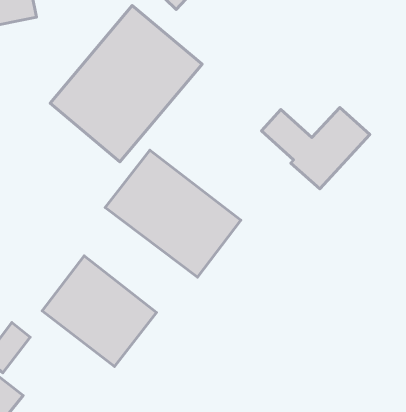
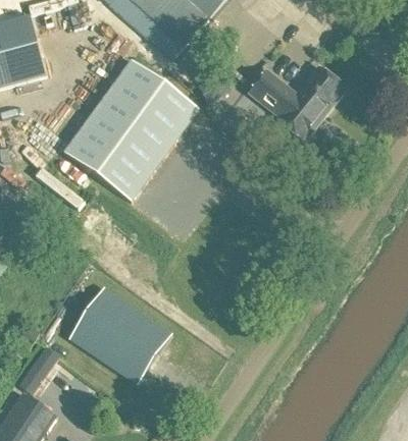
building: [261,108,370,189] -> [247,66,345,141]
building: [105,150,241,277] -> none

